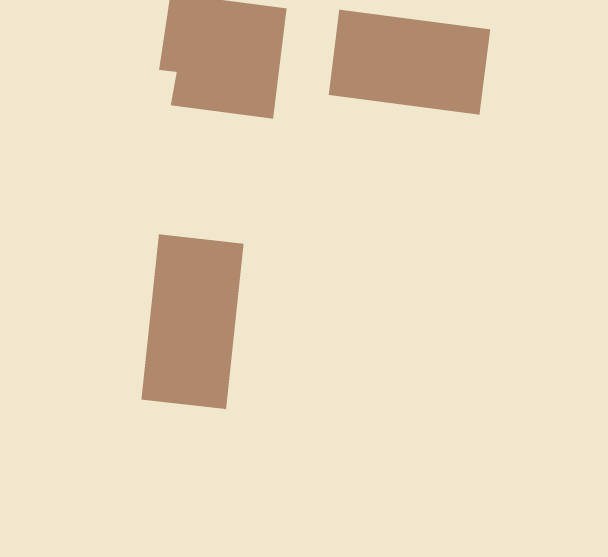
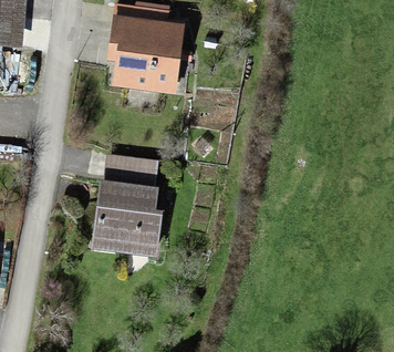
building: [328,9,491,116] -> none

